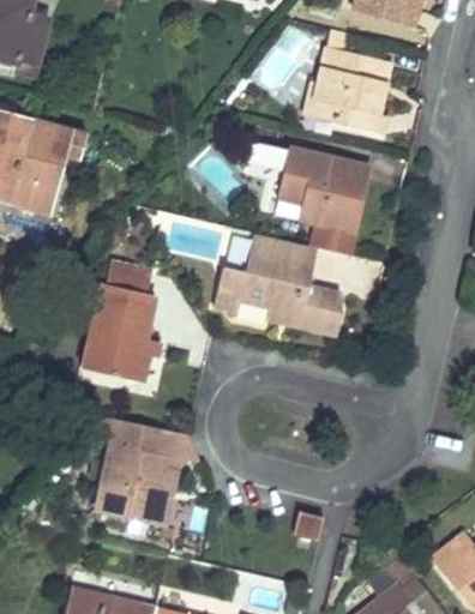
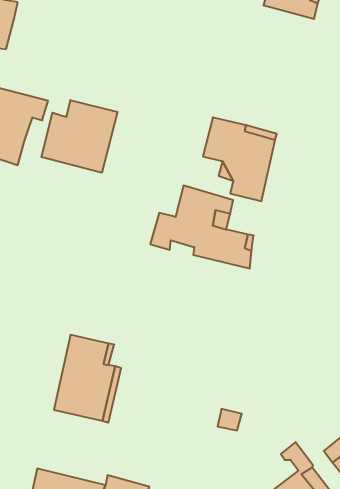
building: [301,25,391,137] -> none
building: none -> [42,100,118,173]
building: [82,264,155,379] -> none

